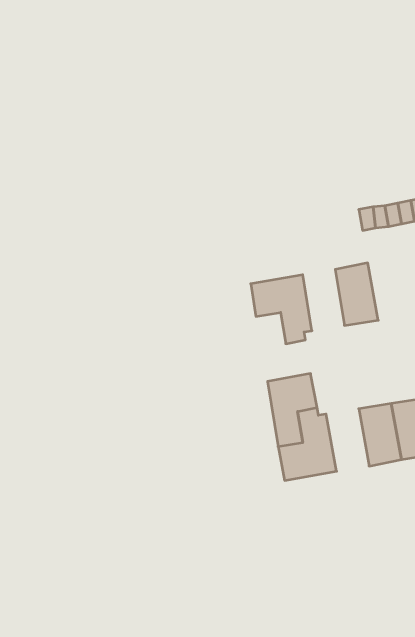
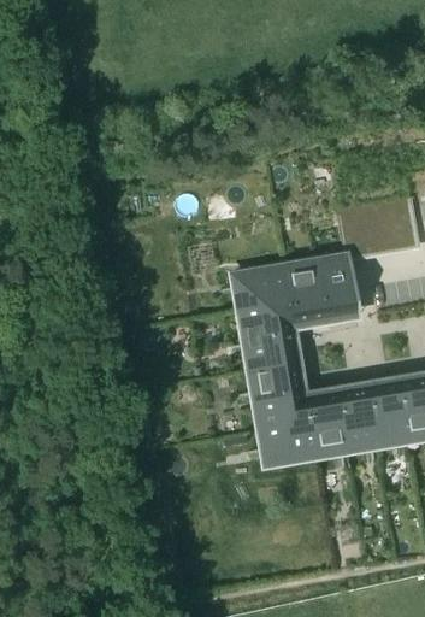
building: none -> [284,268,324,329]
building: none -> [241,307,291,371]
building: none -> [306,396,346,454]

